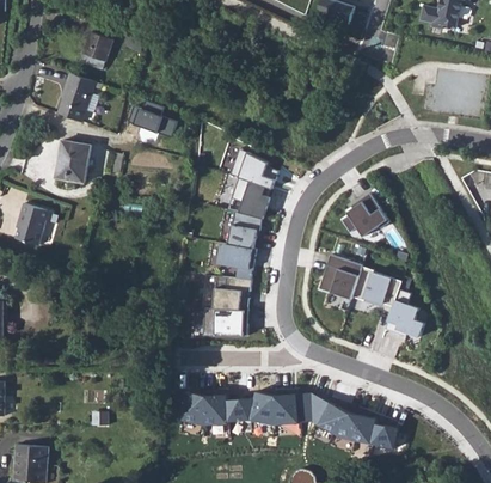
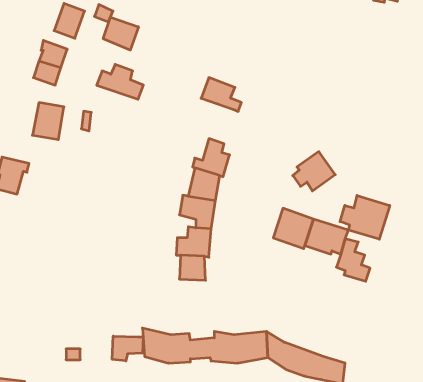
building: none -> [103,17,138,50]
building: [231,152,275,189] -> [201,78,241,111]
building: none -> [340,195,390,239]
building: none -> [112,336,143,361]

